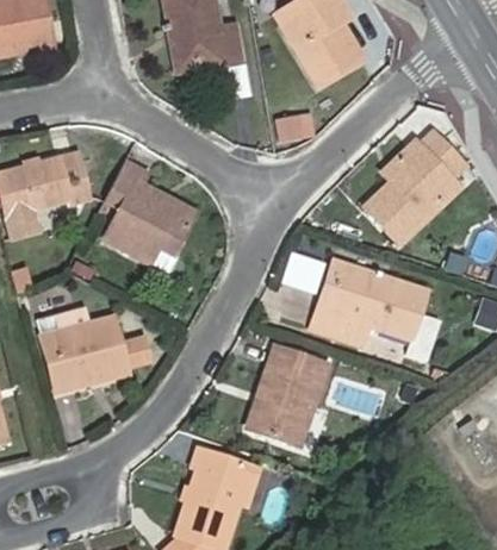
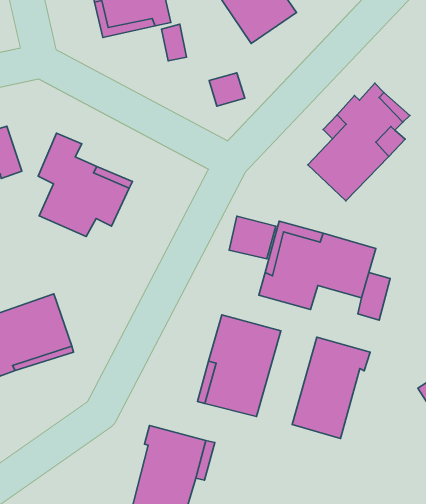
building: none -> [292,337,370,439]

